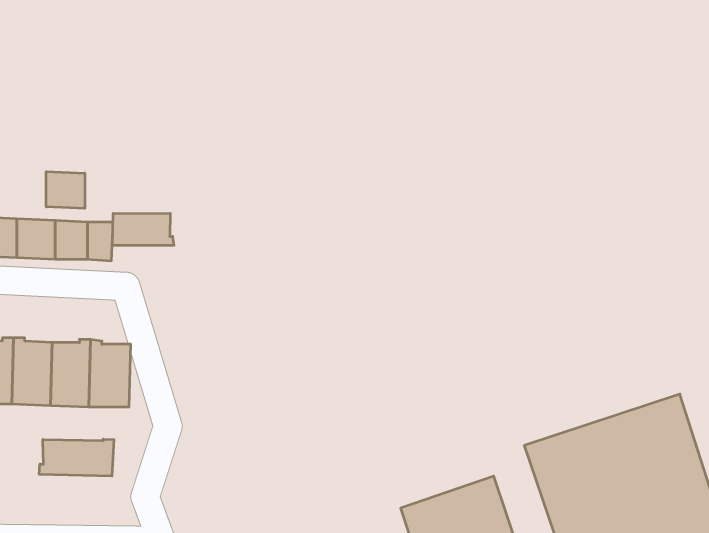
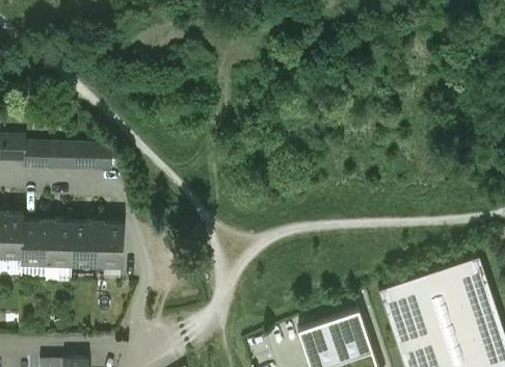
building: [46,172,85,208] -> none
building: [112,213,174,245] -> none
building: [39,439,114,476] -> none

